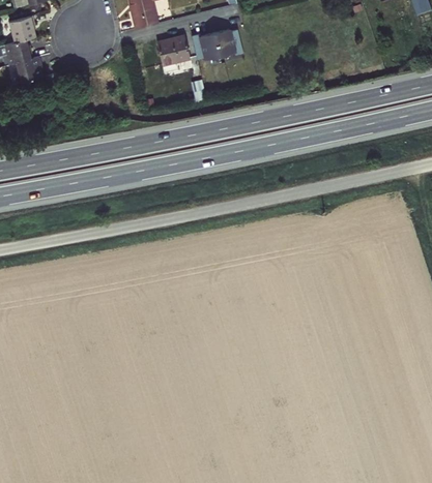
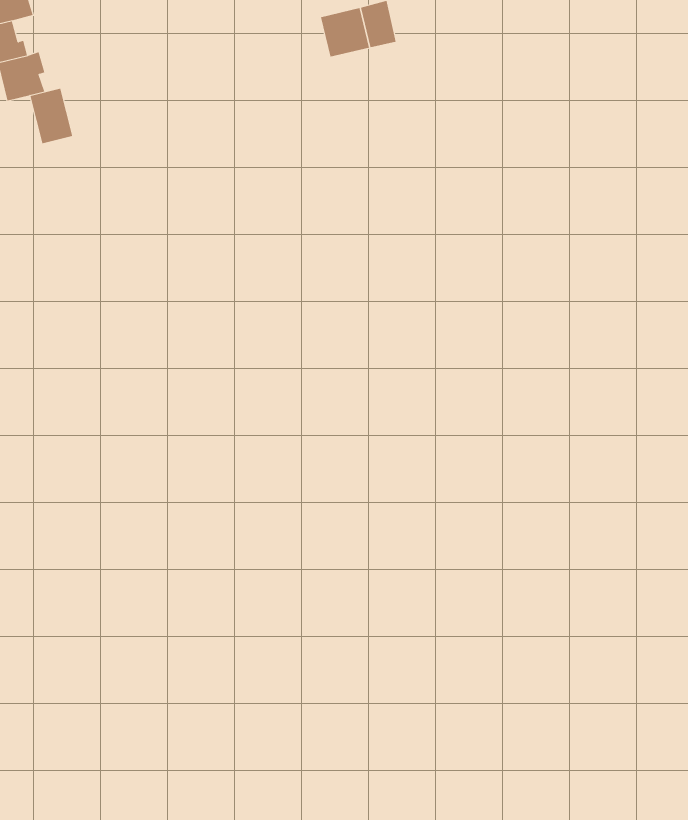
building: [155,35,190,65] -> none
building: none -> [30,88,73,144]

